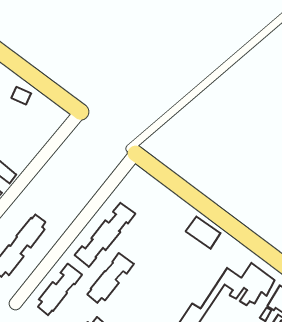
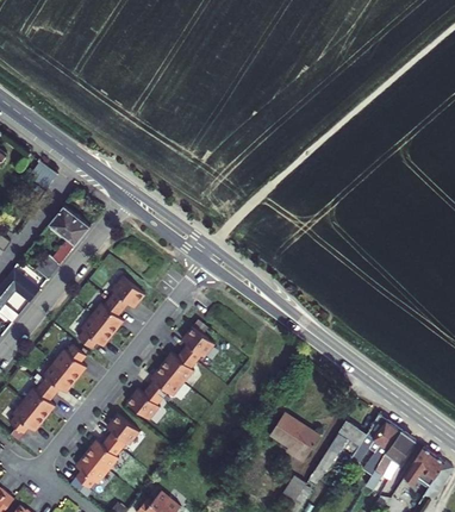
building: none -> [35,207,88,277]
building: [186,216,221,249] -> [269,413,319,460]
building: [87,253,134,303] -> [76,280,143,351]

